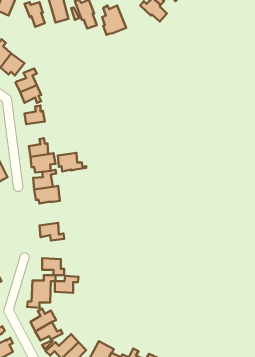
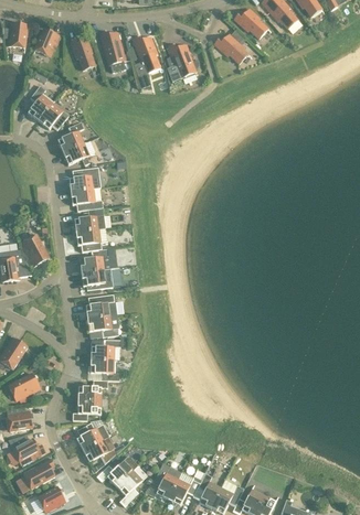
building: [58,153,86,171] -> [72,187,107,211]
building: none -> [86,294,115,318]
building: [55,276,79,293] -> [92,339,121,360]

